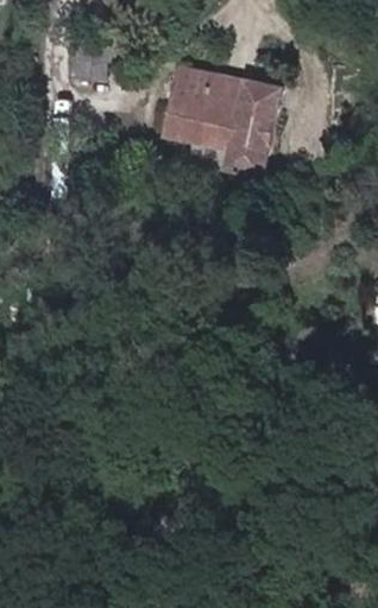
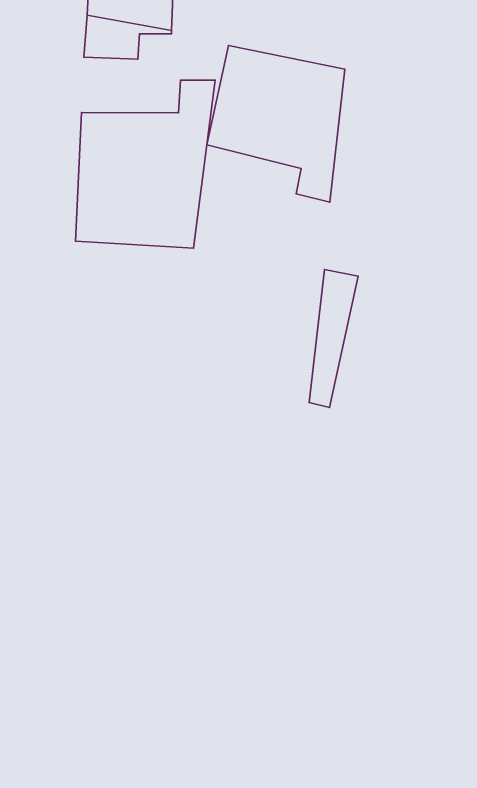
building: [241,82,276,179] -> [309,270,358,408]
building: none -> [75,80,215,248]

